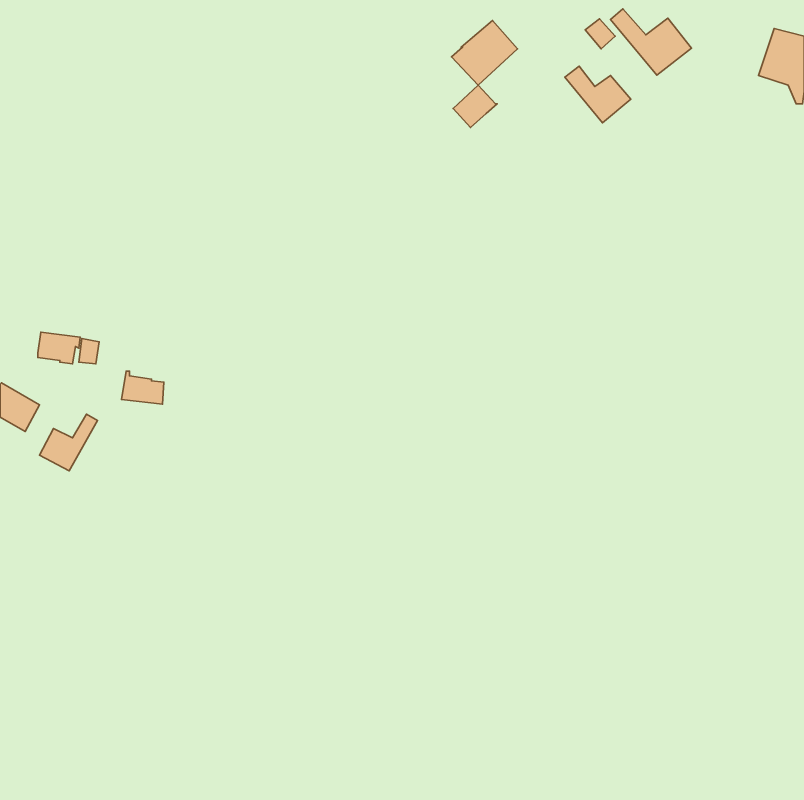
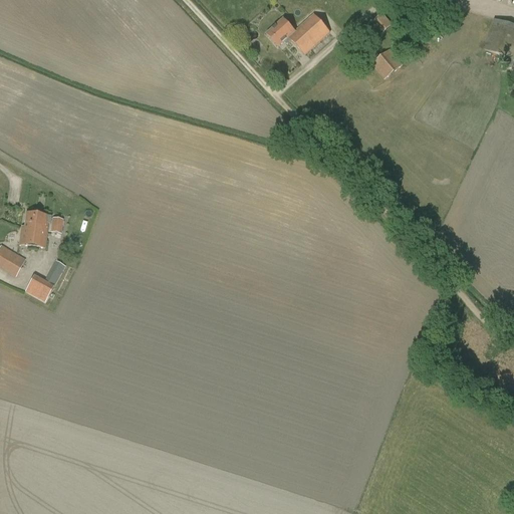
building: [610,9,691,75] -> none
building: [453,85,497,128] -> [267,18,295,45]
building: [121,371,164,404] -> [19,225,46,246]

